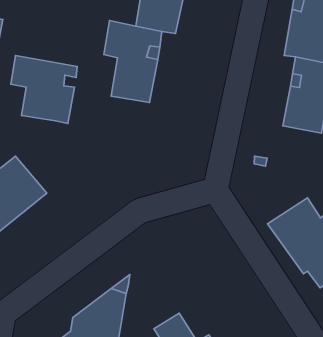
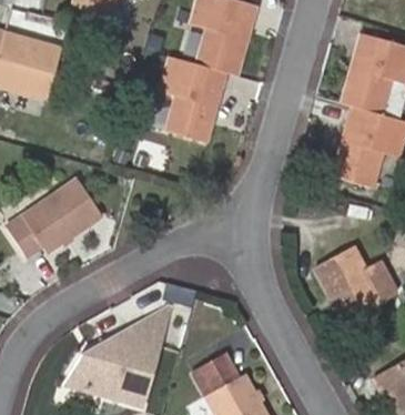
building: [11,56,77,124] -> none

